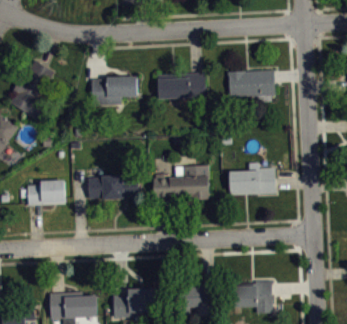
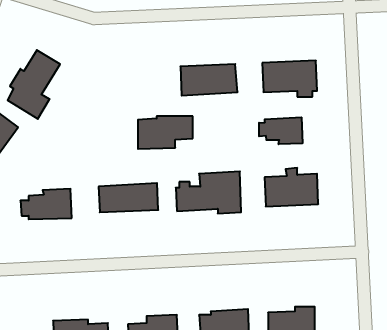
building: [90,77,137,105] -> [138,116,193,149]
building: none -> [259,117,302,144]

